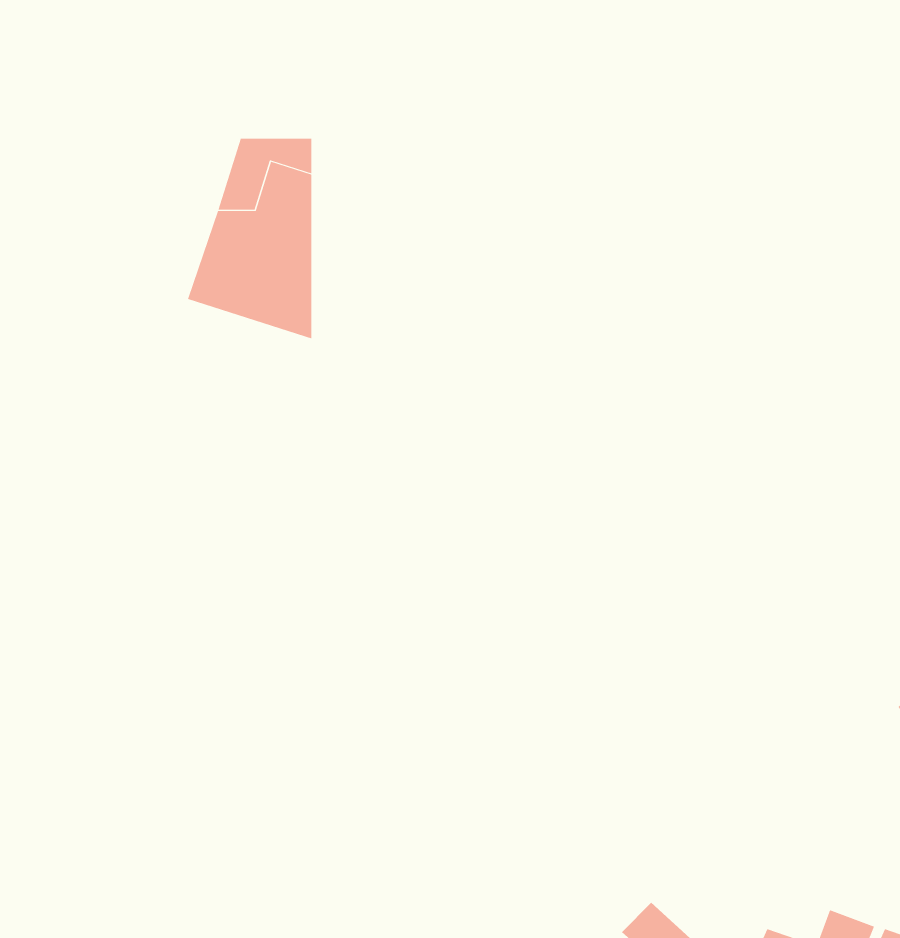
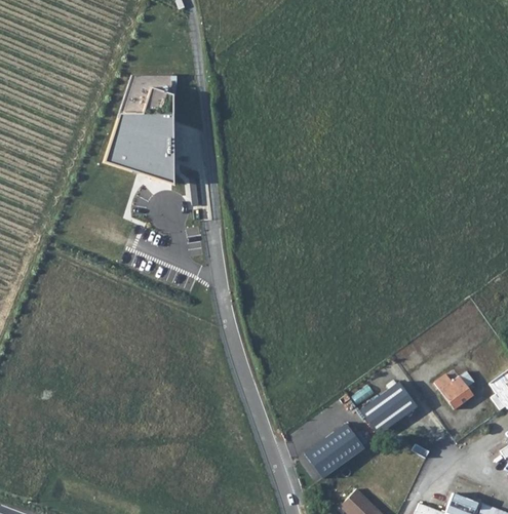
building: none -> [435,373,474,409]
building: none -> [361,382,417,434]
building: none -> [304,424,363,478]

